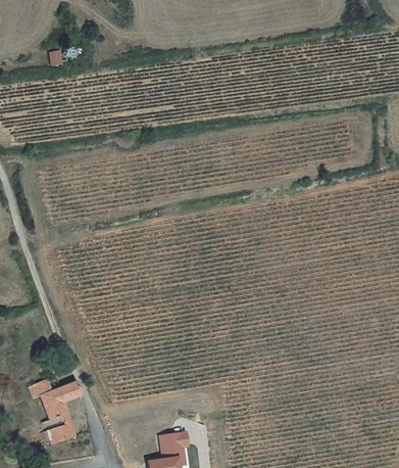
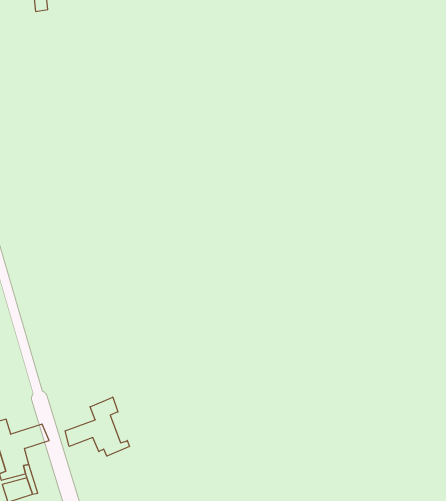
building: none -> [65,397,129,456]

